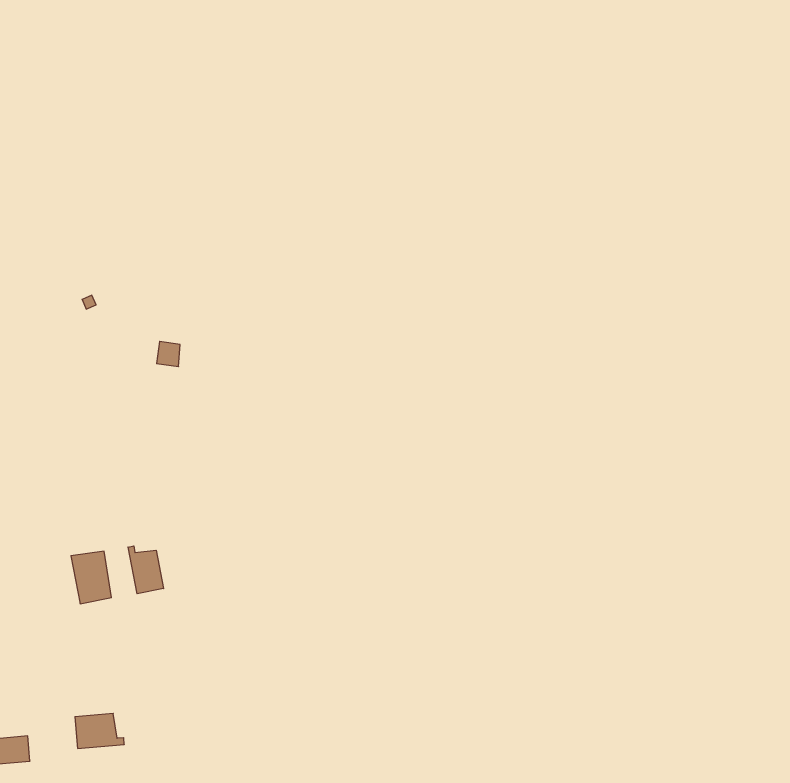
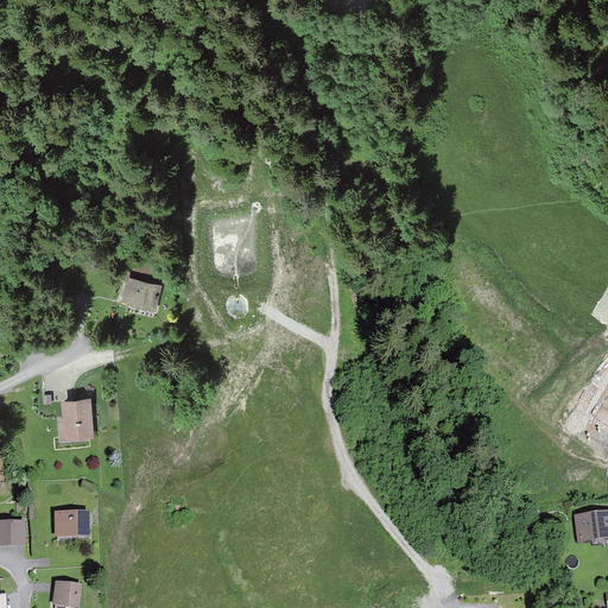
building: none -> [126,277,160,302]
building: [128,546,164,594] -> none

